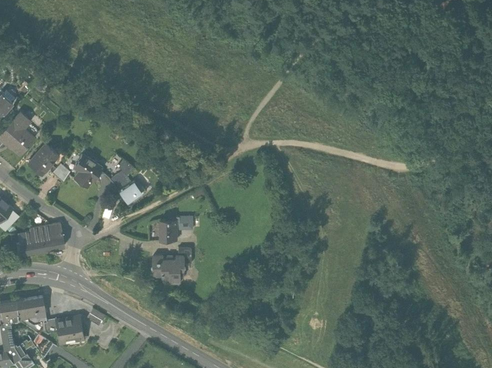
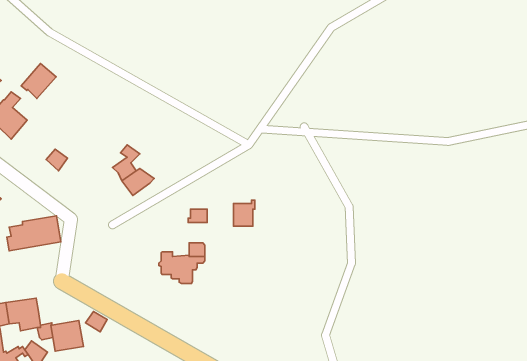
building: [27,143,58,174] -> [21,63,56,98]
building: [73,154,102,187] -> none
building: [160,216,179,239] -> [234,200,255,226]

